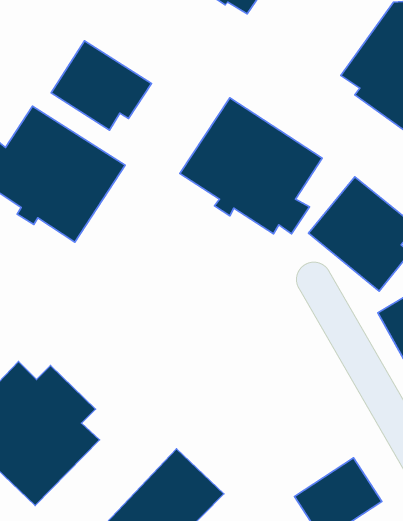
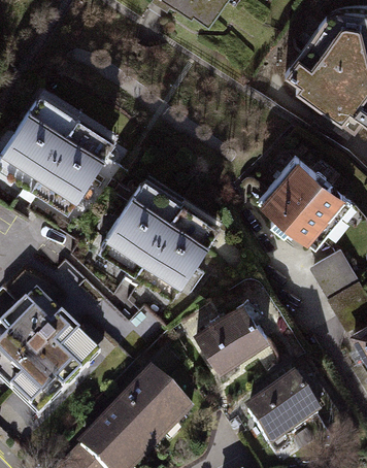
building: [51,41,151,130] -> none
building: [180,98,322,234] -> [101,182,215,292]
building: none -> [192,301,270,375]

